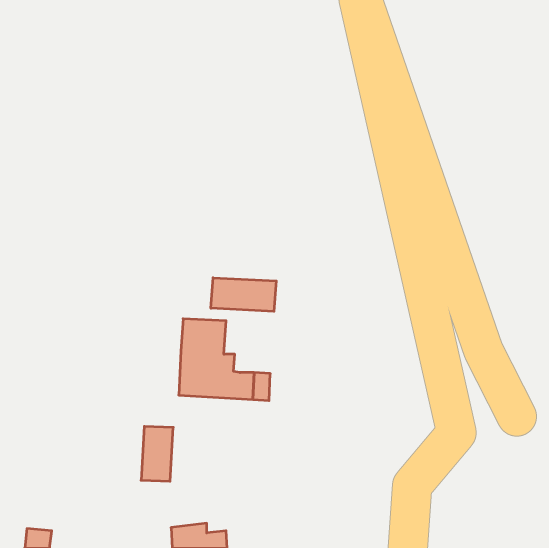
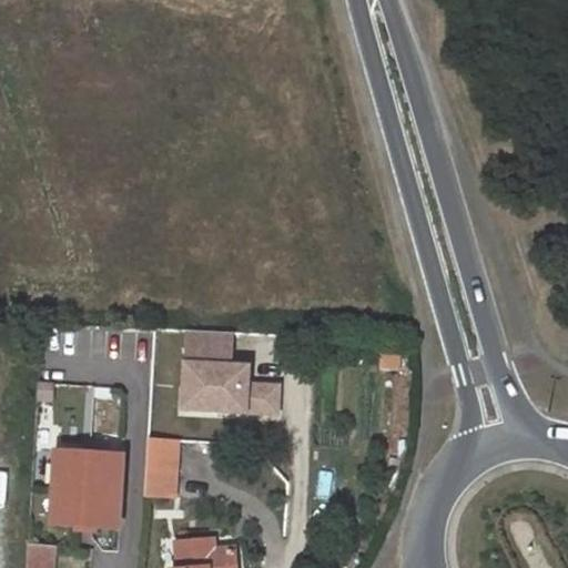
building: [211,278,276,311] -> none
building: none -> [52,452,123,528]

